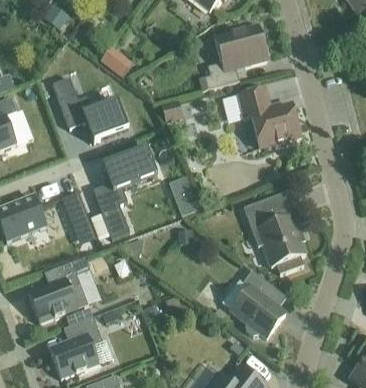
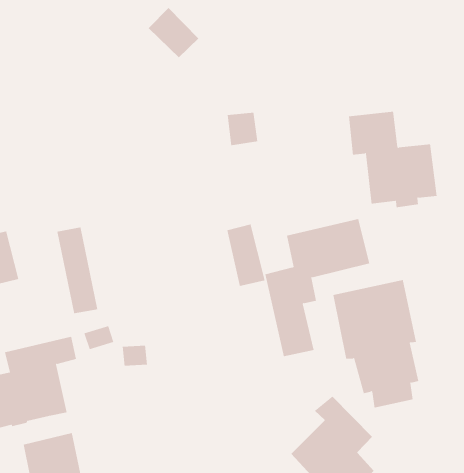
building: [203,24,268,89] -> none
building: [52,77,128,141] -> none
building: [92,146,157,239] -> [265,219,370,357]

